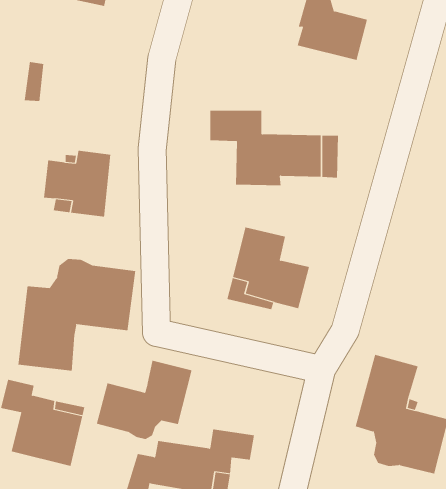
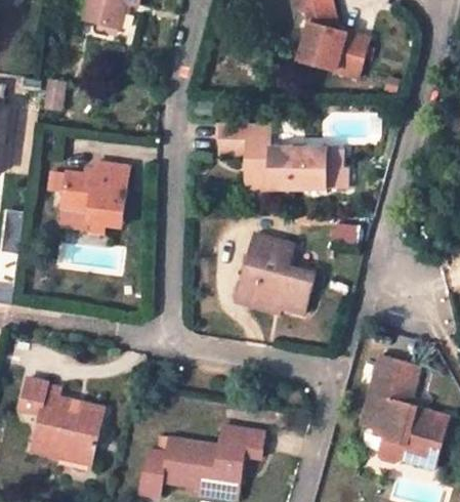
building: [18,258,136,371] -> none
building: [96,360,192,440] -> none

